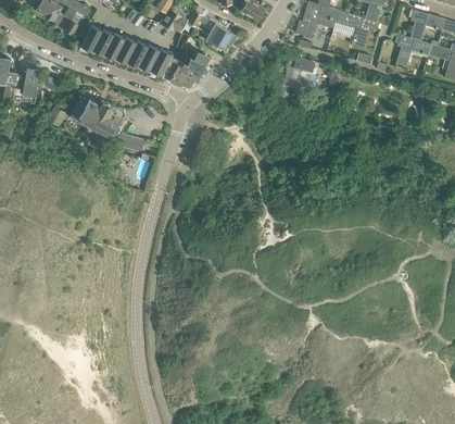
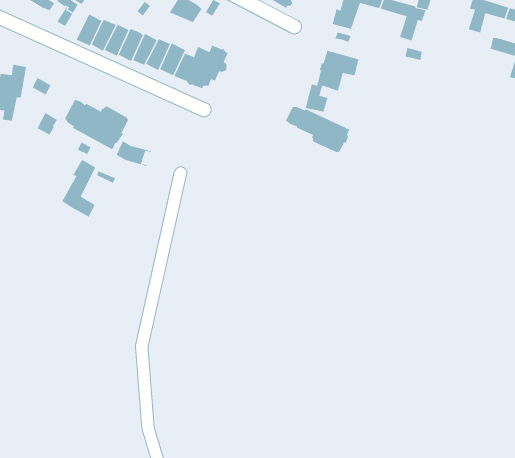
building: [205,24,237,51] -> none
building: [395,35,430,66] -> none
building: none -> [285,106,350,153]
building: none -> [62,159,96,217]

